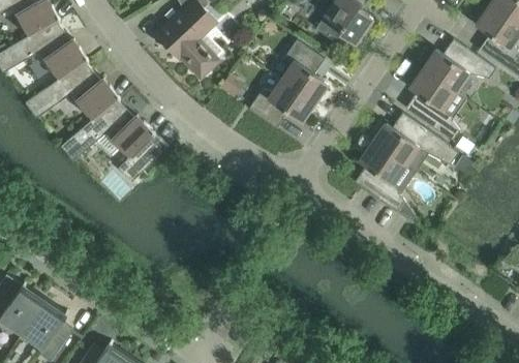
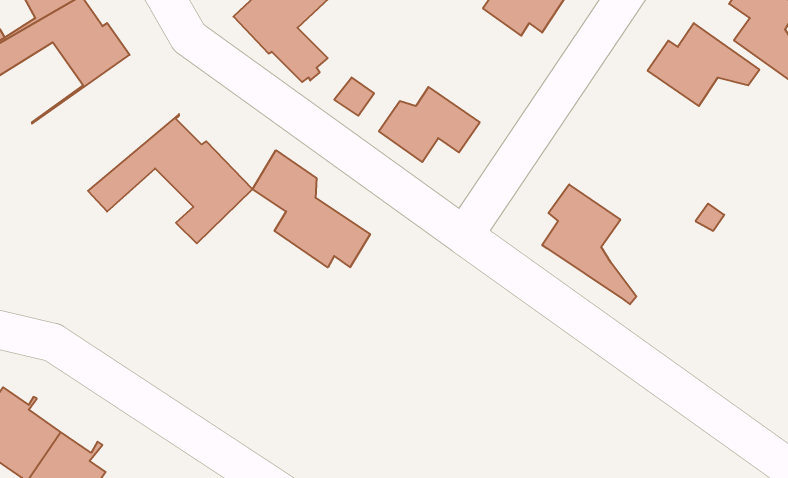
building: [281,39,328,102] -> none
building: [25,59,120,147] -> none
building: [405,69,460,141] -> none
building: [372,112,458,165] -> none
building: none -> [253,150,370,267]

